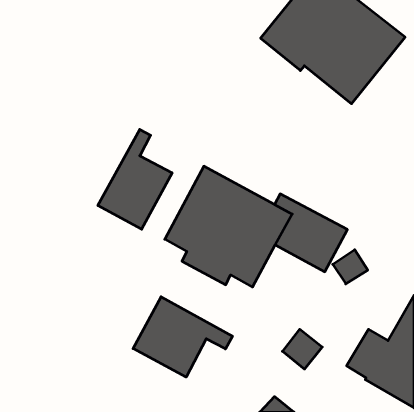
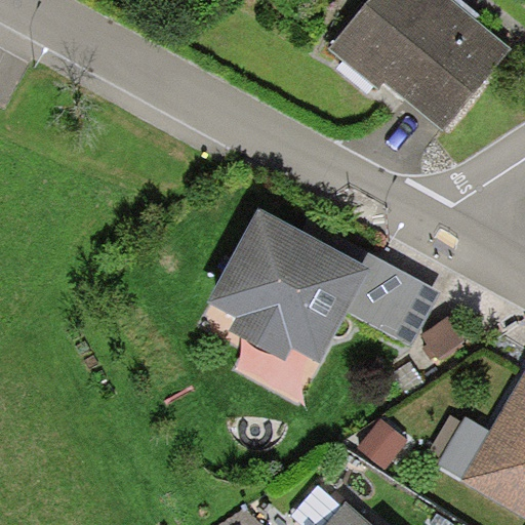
building: [98,129,172,229] -> none
building: [133,297,232,377] -> none

